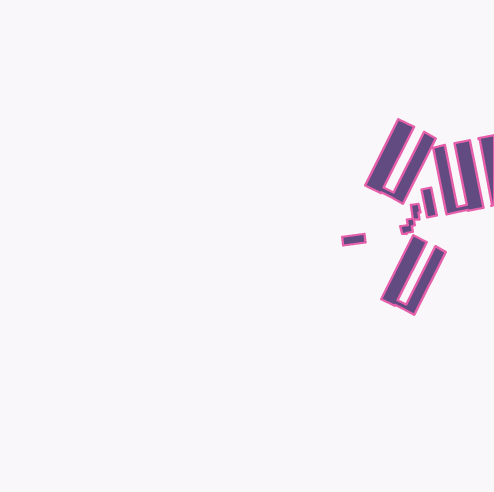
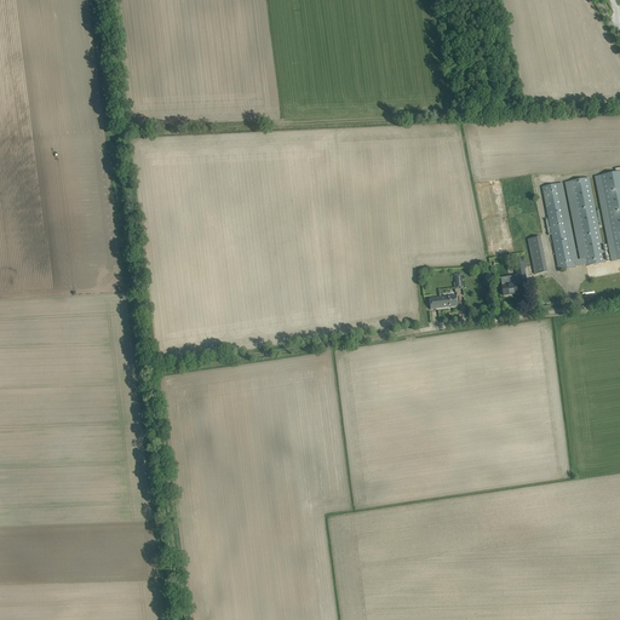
building: [365,119,436,204] -> none
building: [381,235,446,315] -> none

